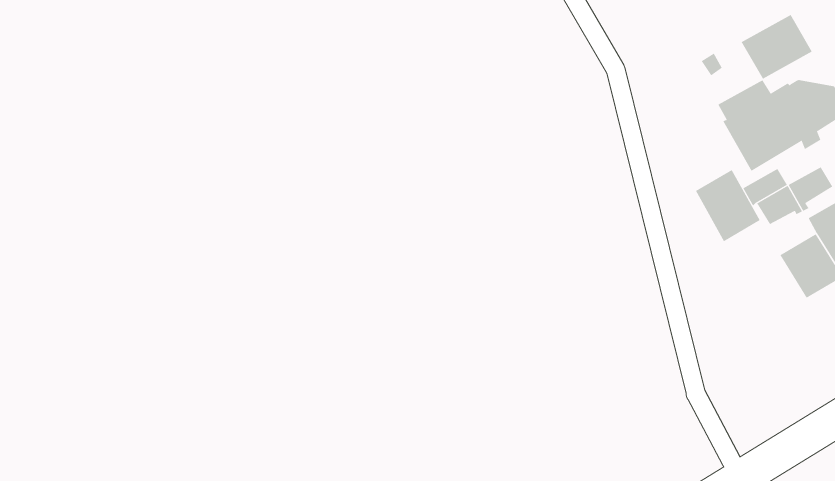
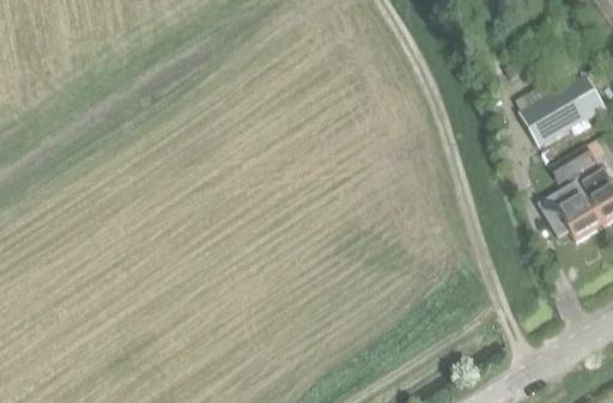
building: [741,14,813,80] -> none
building: [695,169,760,242] -> none

